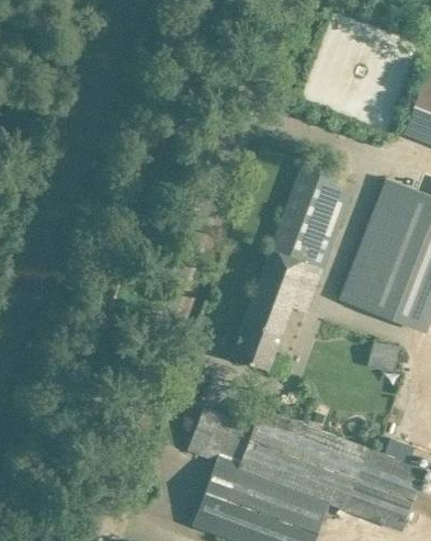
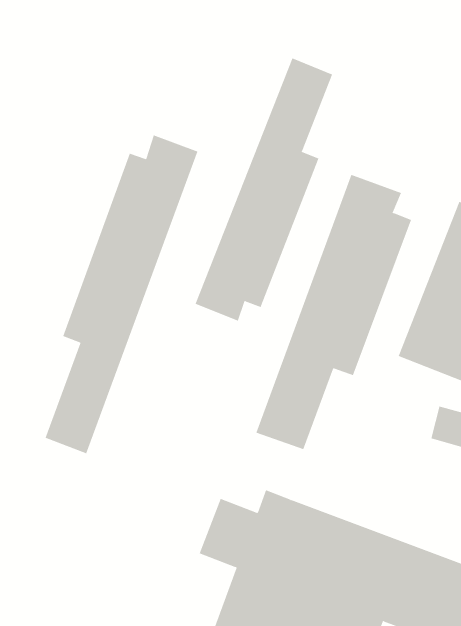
building: none -> [195,57,333,321]
building: none -> [45,134,198,454]

